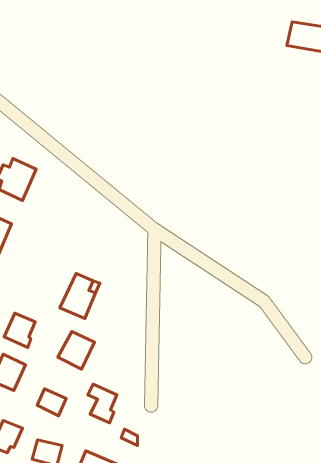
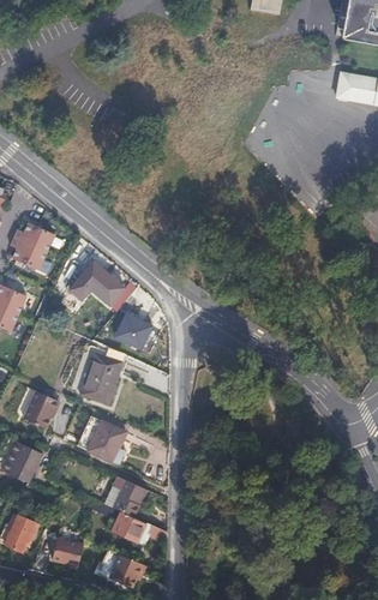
building: none -> [79,262,124,305]
building: none -> [114,313,152,348]
building: [37,389,66,416] -> [113,511,145,541]

